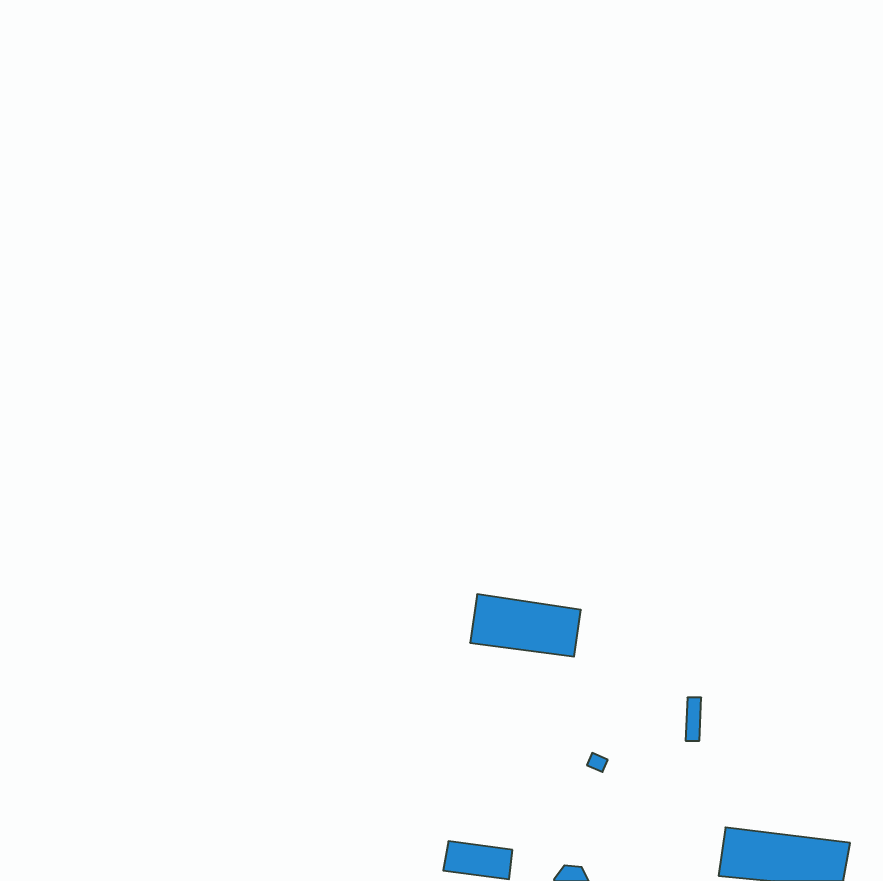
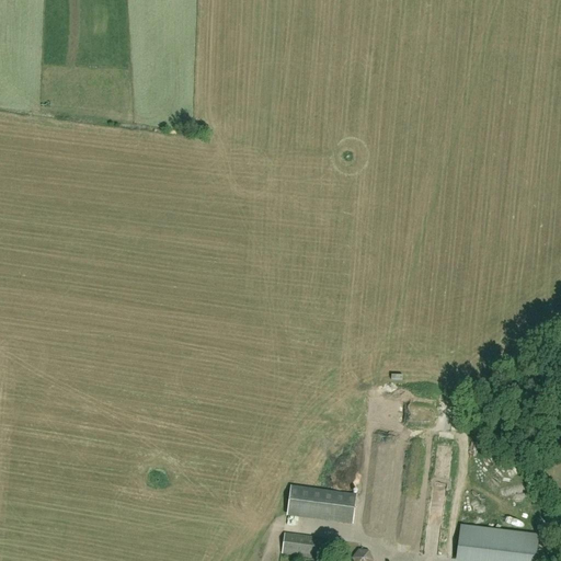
building: [470,594,581,657] -> [286,484,356,524]

